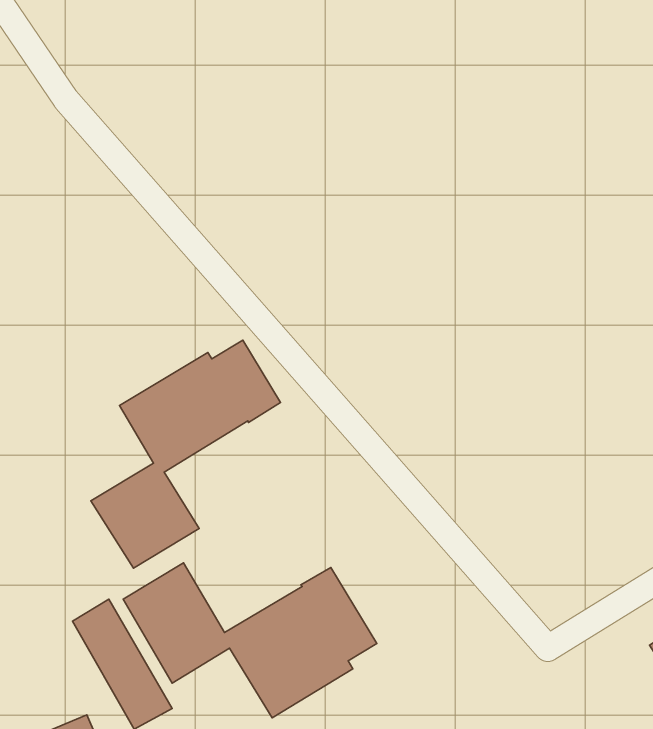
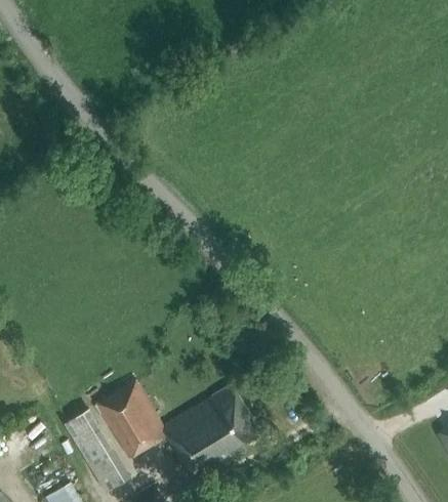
building: [91,340,281,568] -> none

